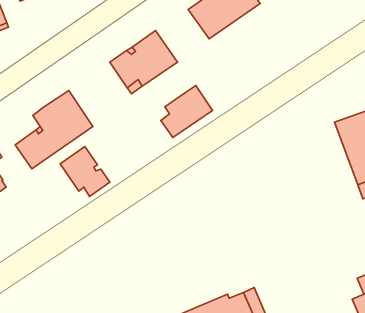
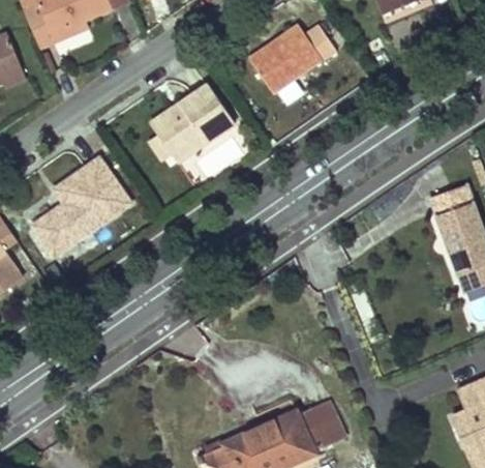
building: [161,86,212,138] -> none
building: [60,146,110,196] -> none

